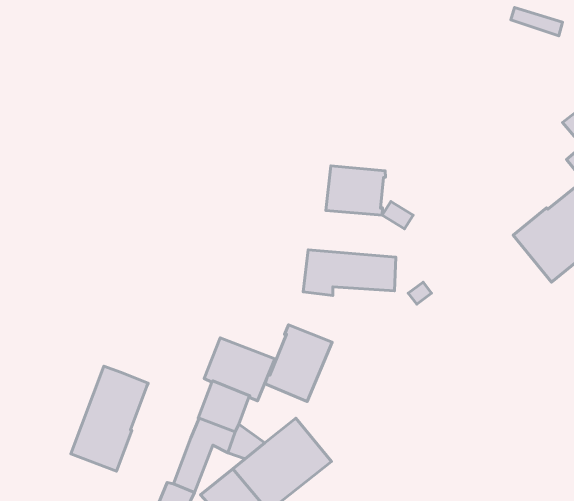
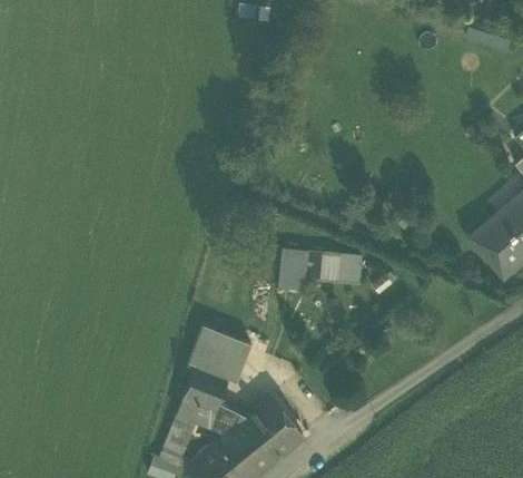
building: [326,166,385,215] -> none
building: [265,325,332,401] -> none
building: [71,366,148,471] -> none

